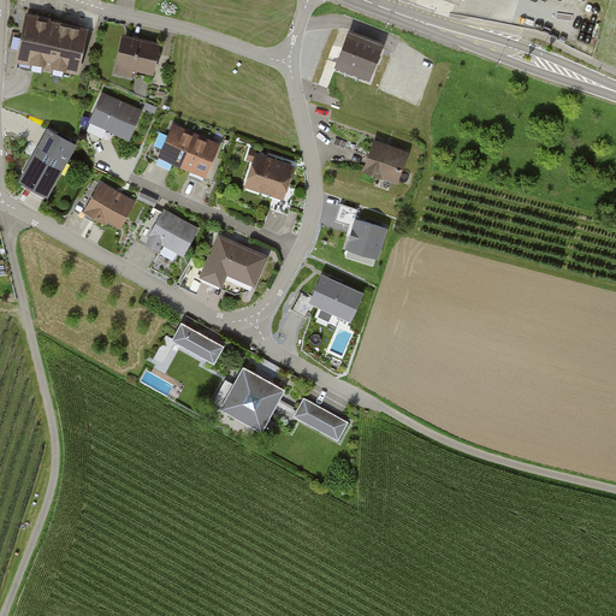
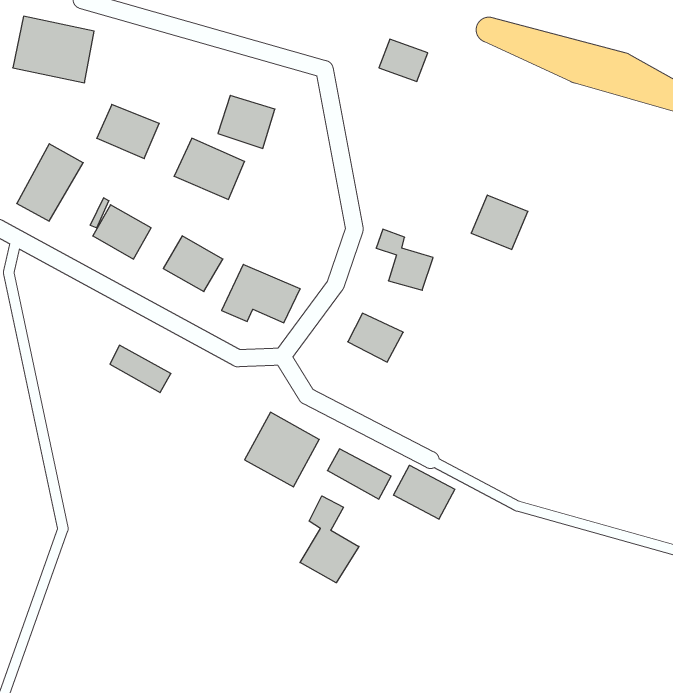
building: [116,35,159,76] -> none
building: [359,137,409,185] -> [471,195,528,249]
building: [243,152,294,199] -> [218,95,275,148]
building: [171,321,225,363] -> [110,345,171,393]
building: none -> [394,465,455,519]
building: none -> [300,496,359,583]

